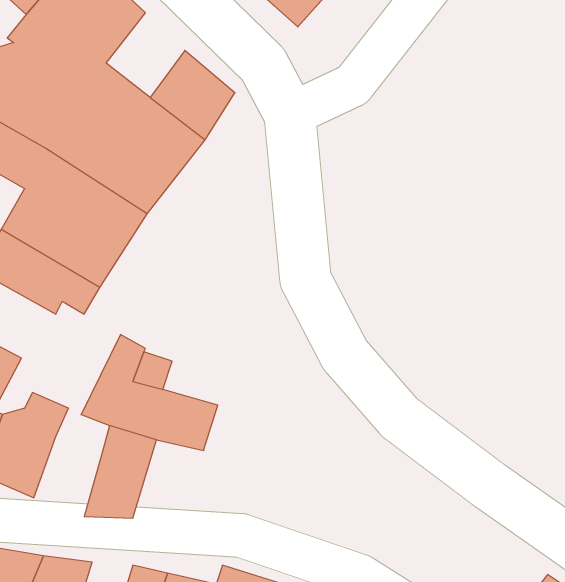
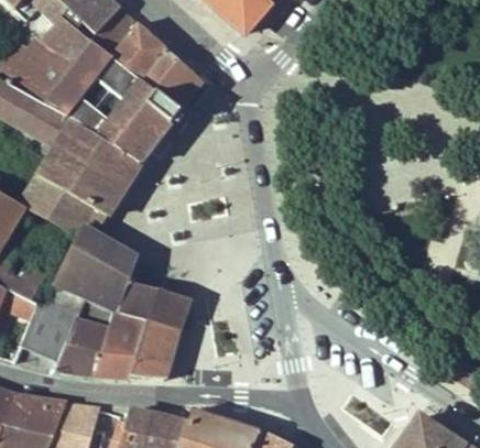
building: none -> [110,23,165,83]
building: none -> [52,227,120,305]
building: none -> [56,320,108,376]
building: none -> [129,323,178,380]

